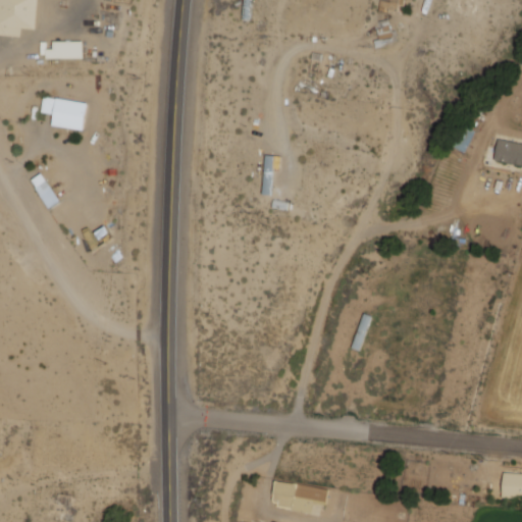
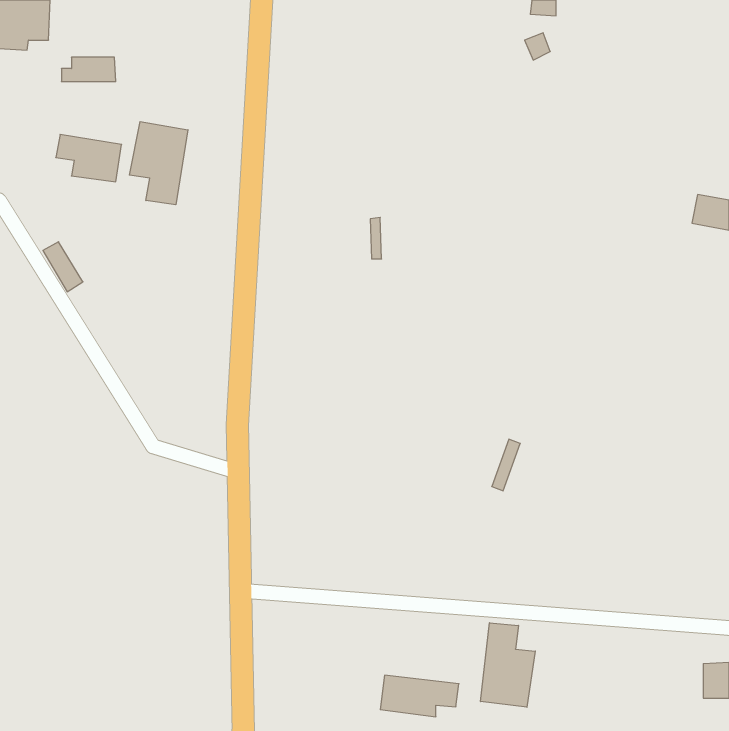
building: none -> [129,122,188,205]
building: none -> [481,623,535,707]

